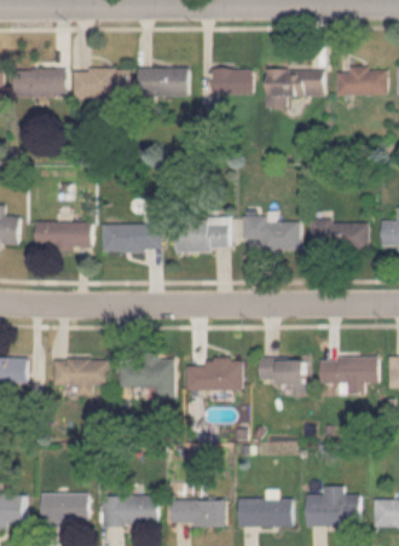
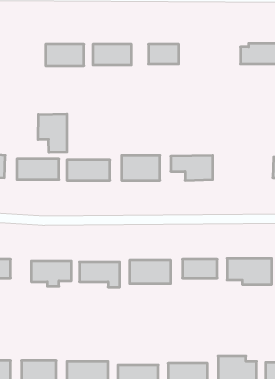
building: [17,63,63,99] -> none
building: [265,68,324,95] -> none
building: none -> [38,114,67,152]
building: [310,220,368,251] -> none

